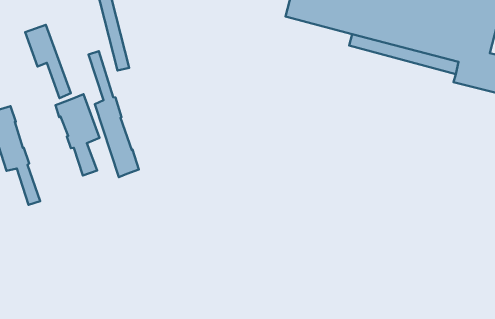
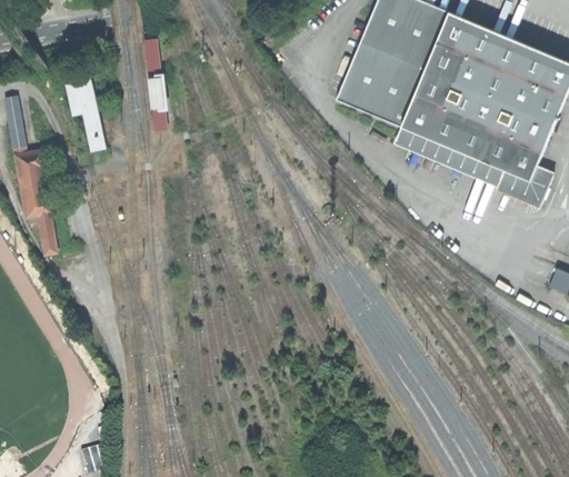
building: [88,51,139,177] -> none
building: [55,94,100,176] -> none

